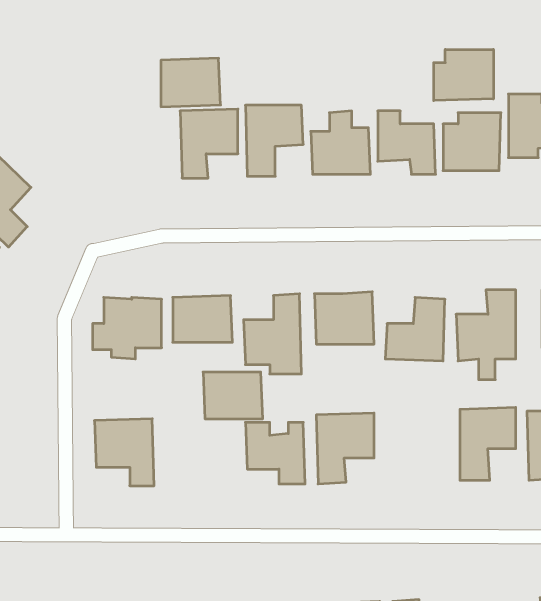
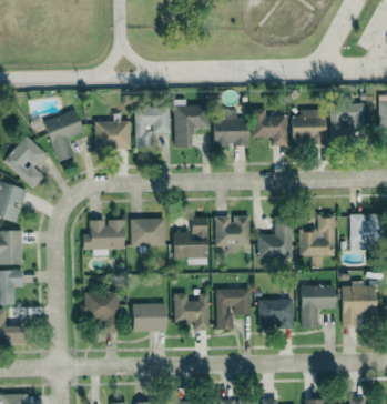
building: [434,49,493,101] -> none
building: [161,58,221,107] -> [95,120,131,149]
building: none -> [43,109,84,161]
building: [203,372,263,419] -> [132,303,167,331]
building: none -> [259,299,294,329]

